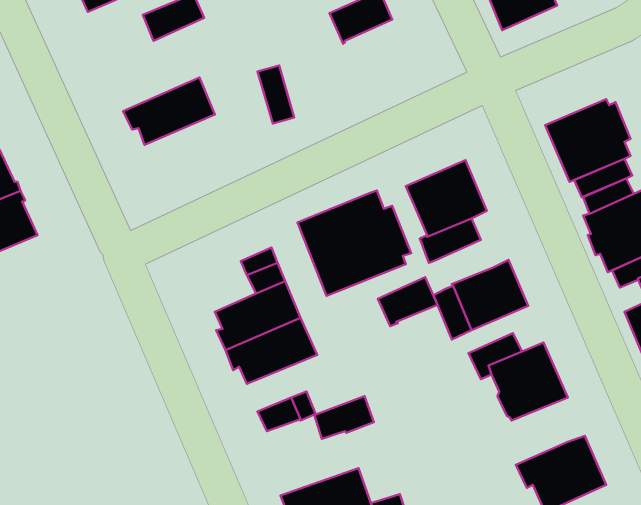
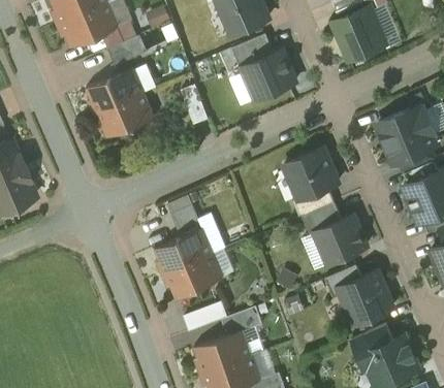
building: none -> [243,51,296,100]
building: none -> [87,69,145,116]
building: [298,191,411,296] -> none
building: [378,277,437,326] -> [303,202,343,235]
building: none -> [352,324,393,354]
building: none -> [194,331,252,375]

